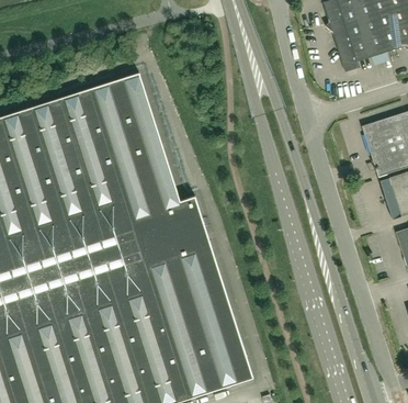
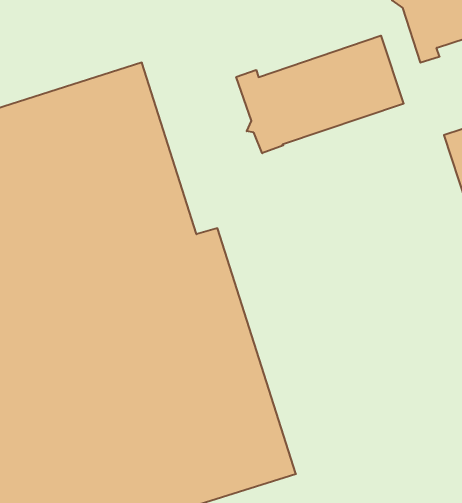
building: none -> [236,36,404,153]

